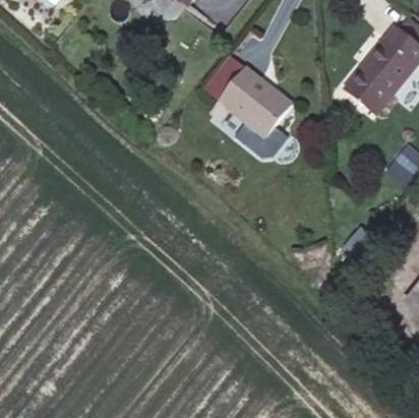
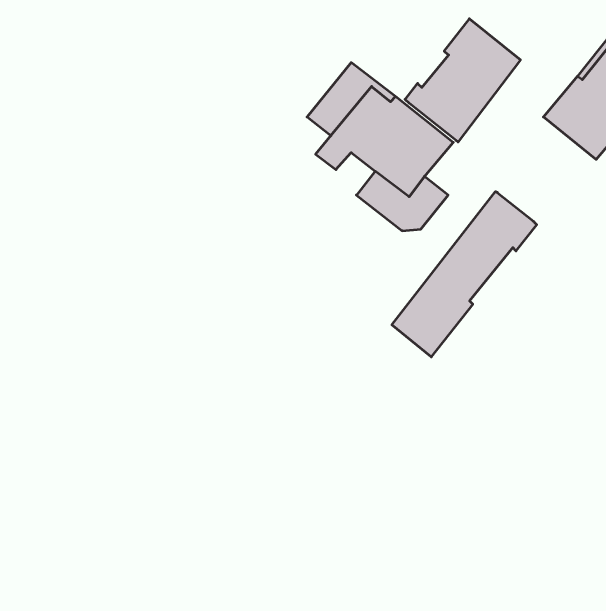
building: none -> [405,19,520,142]
building: none -> [392,192,537,357]

